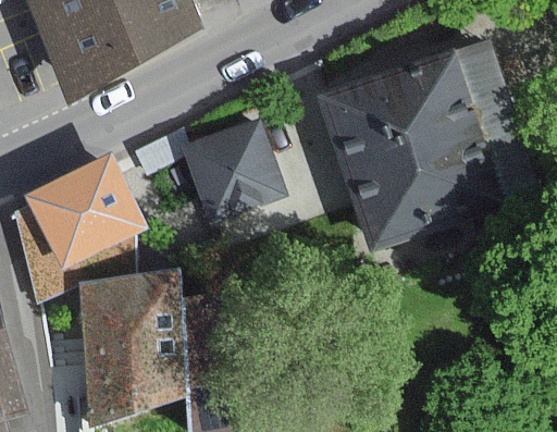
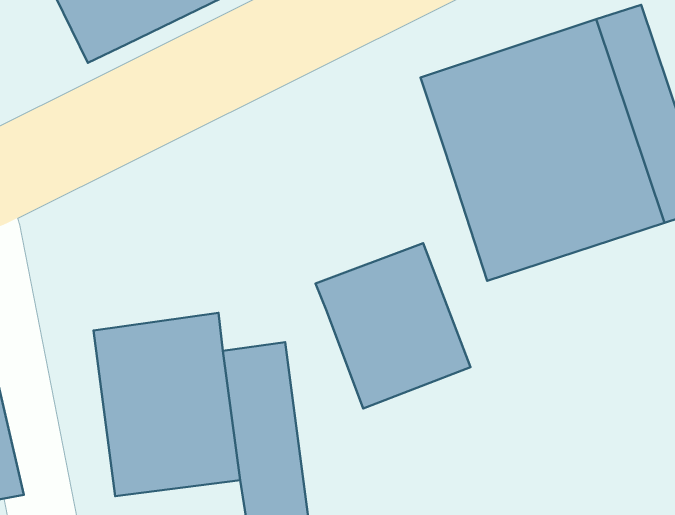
building: [177,114,285,220] -> none
building: [28,157,141,263] -> none
building: none -> [315,243,470,408]

